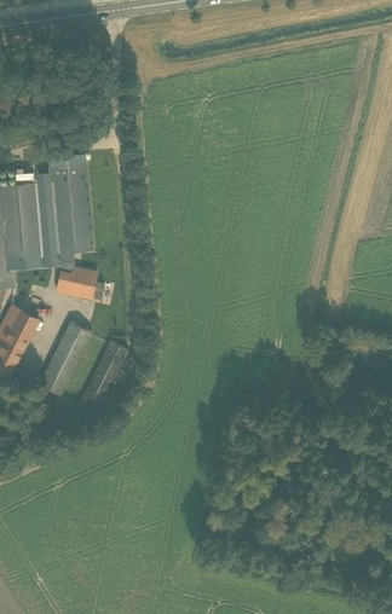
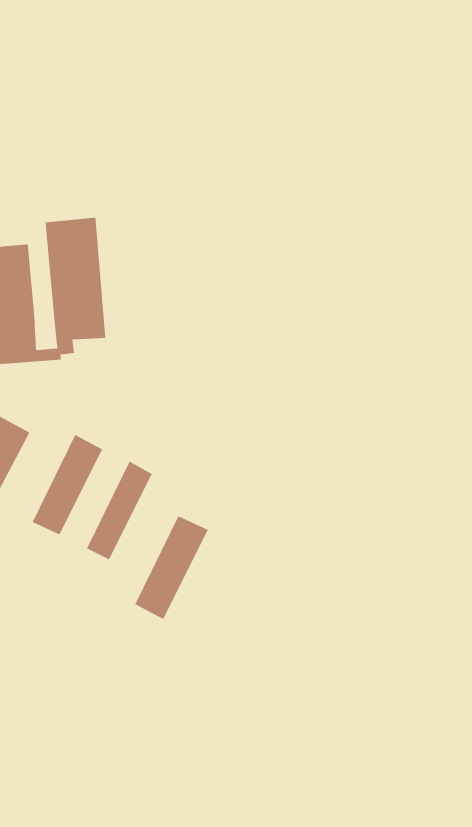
building: [56,267,96,299] -> none
building: none -> [135,515,208,620]

